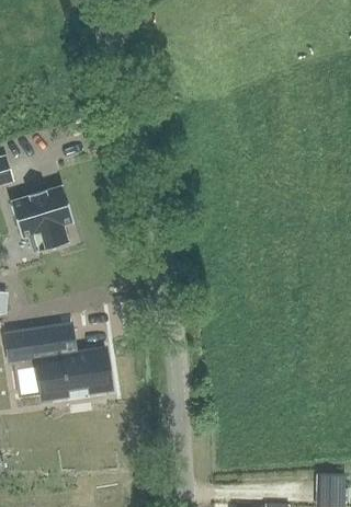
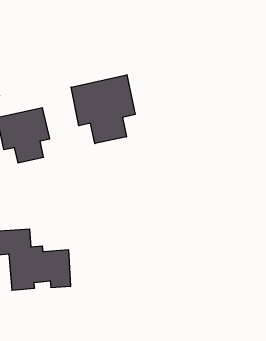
building: none -> [71,75,135,144]

